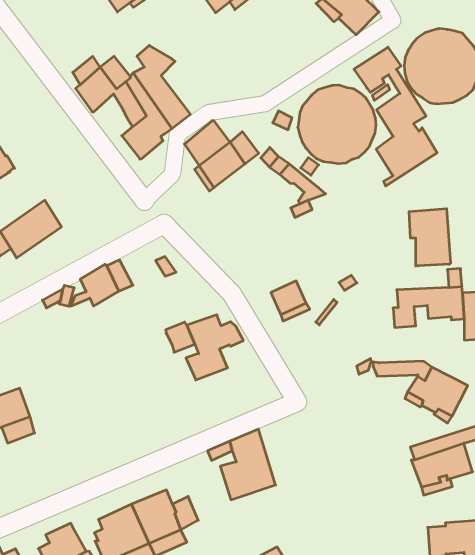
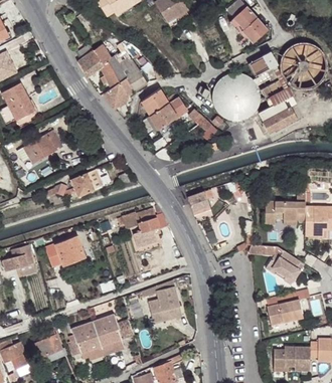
building: [409,209,451,266] -> none
building: none -> [46,235,86,267]

